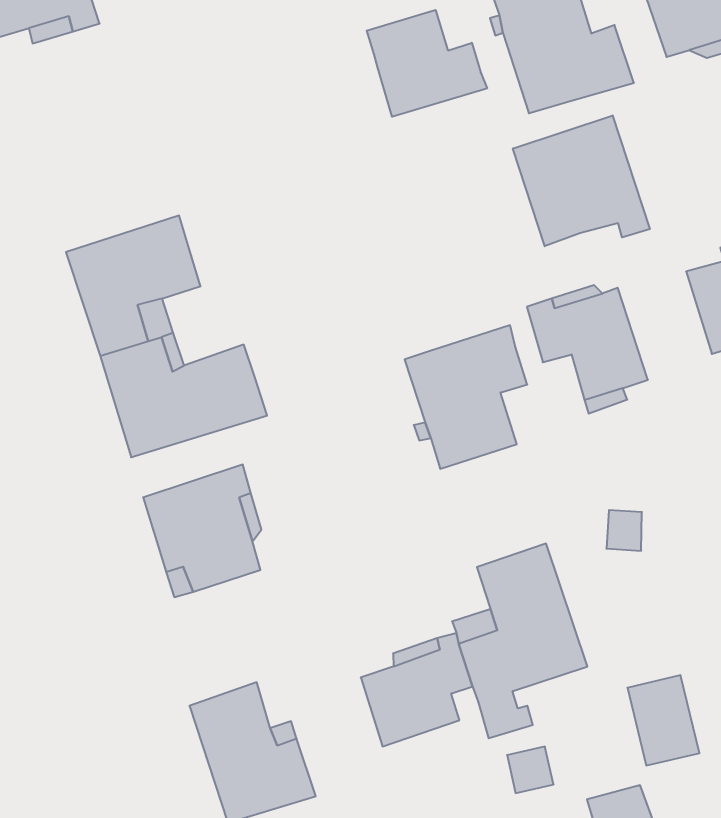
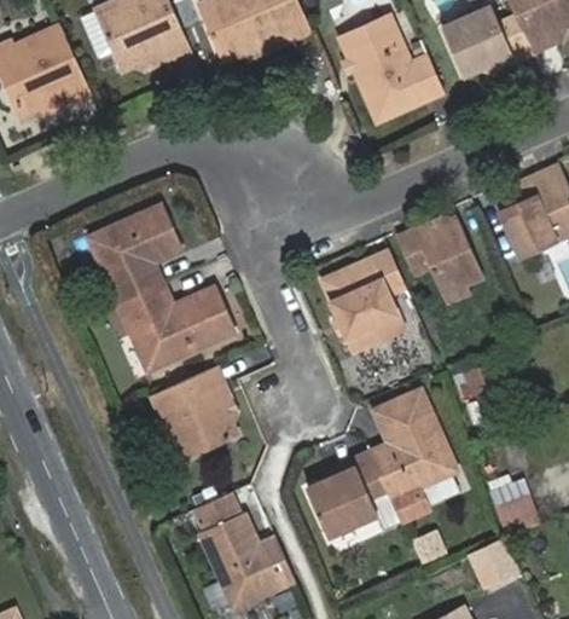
building: [367,10,487,117] -> none
building: [513,115,650,246] -> none

